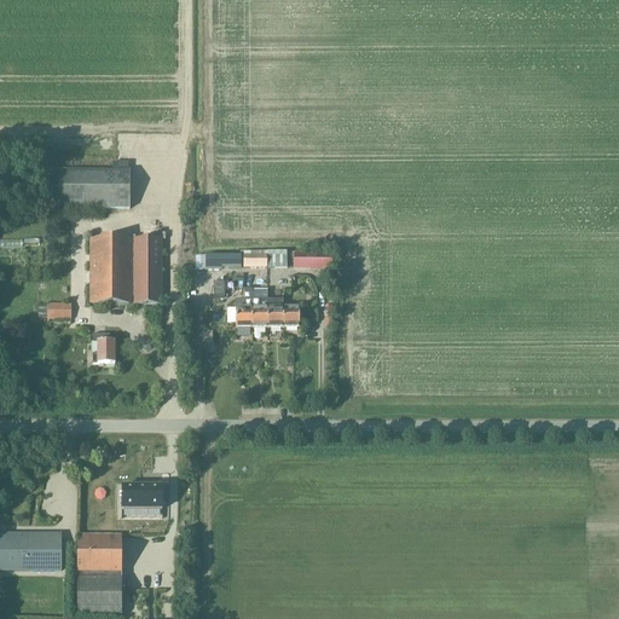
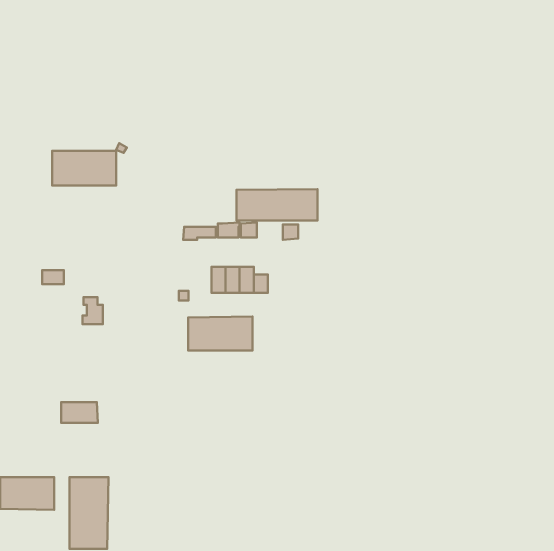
building: none -> [236,189,317,221]
building: [89,237,161,301] -> none
building: none -> [188,317,252,350]
building: [121,484,162,507] -> [61,402,98,423]

